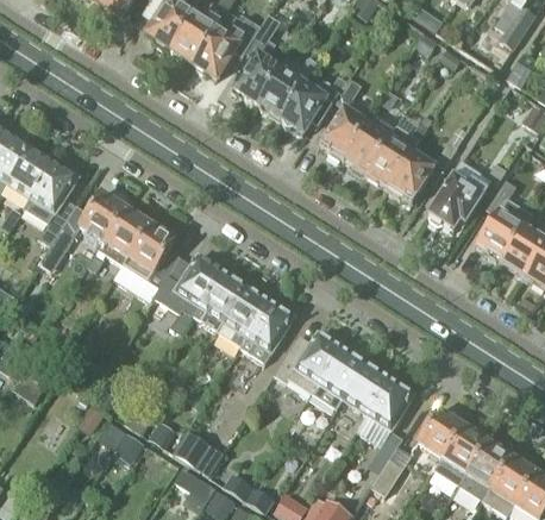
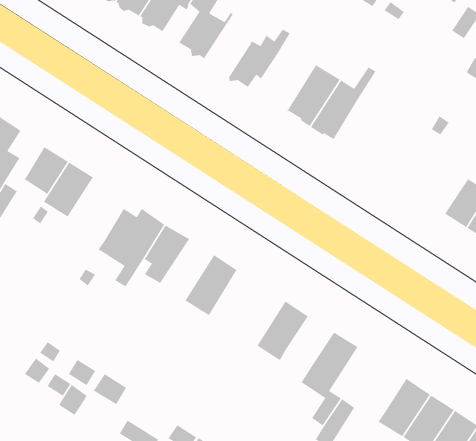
building: [261,56,319,124] -> none
building: [321,76,367,161] -> none
building: [389,140,457,202] -> none
building: [428,170,486,230] -> none
building: [477,178,526,261] -> none
building: [124,224,180,288] -> none
building: [217,286,270,346] -> none
building: [275,332,342,393] -> none
building: [343,363,390,413] -> none
building: [418,411,463,458] -> none
building: [173,430,224,475] -> none

